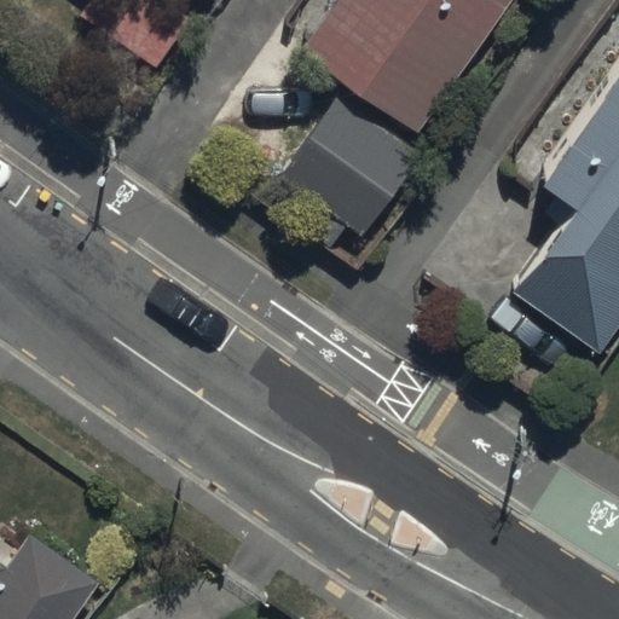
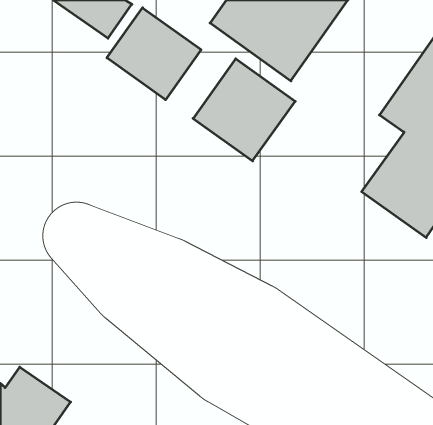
building: none -> [107,8,201,100]

